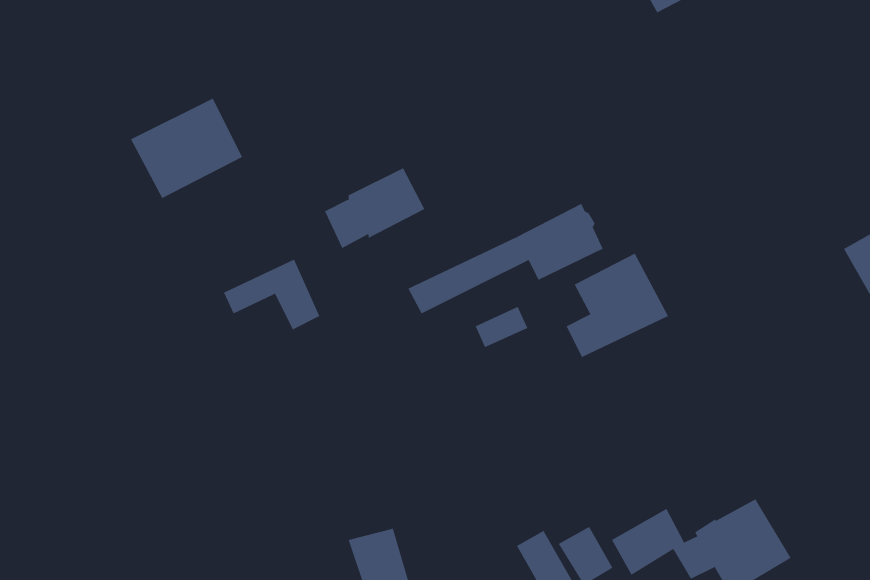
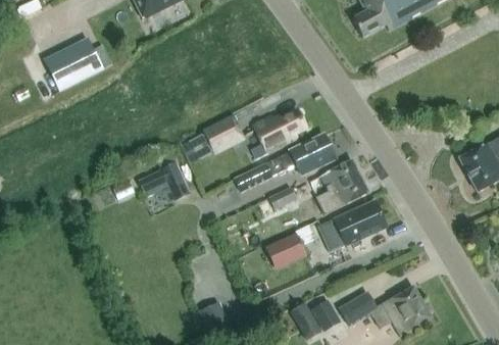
building: [130,98,243,199] -> [45,38,103,90]
building: none -> [251,109,306,158]
building: none -> [320,200,387,251]
building: none -> [266,233,305,265]

